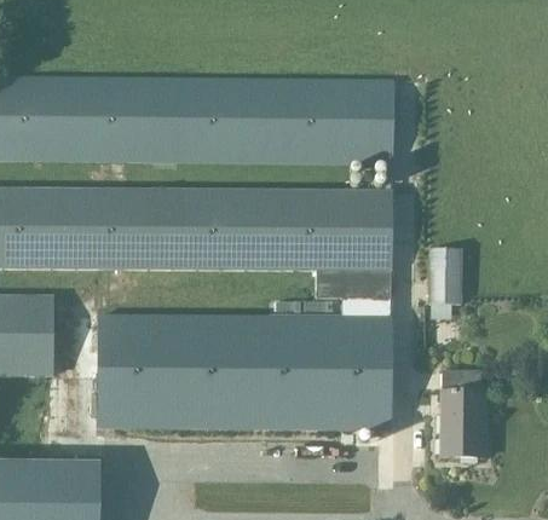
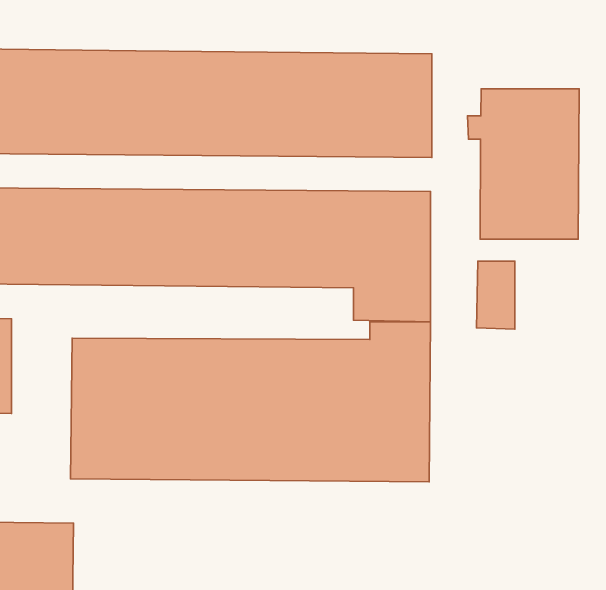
building: none -> [468,89,579,239]
building: [442,370,488,457] -> none

